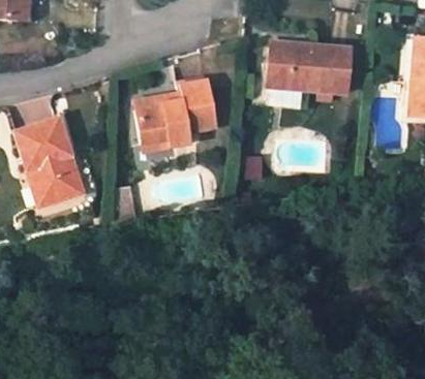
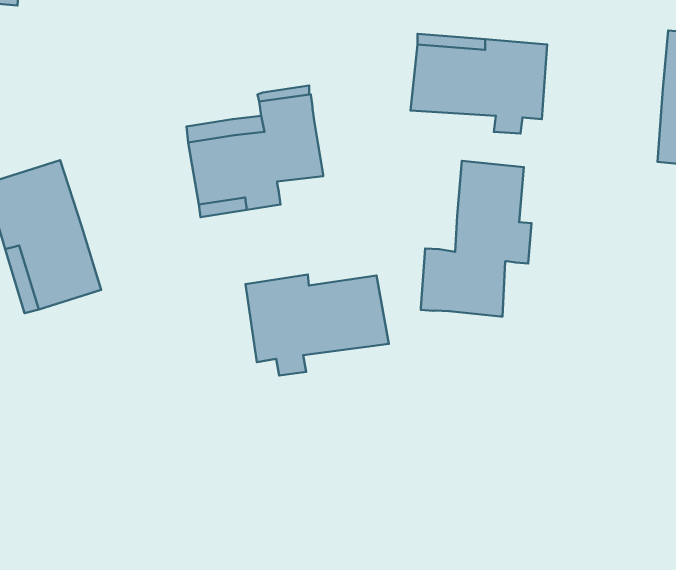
building: none -> [421,161,532,317]
building: none -> [245,274,389,375]

